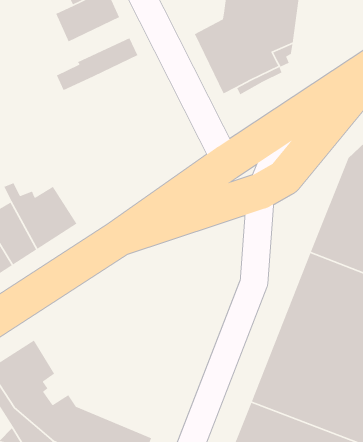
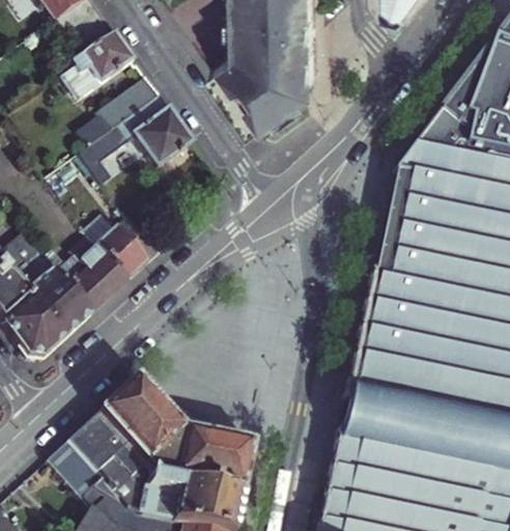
building: none -> [76,97,191,185]
building: none -> [92,230,154,284]
building: none -> [100,378,252,495]

